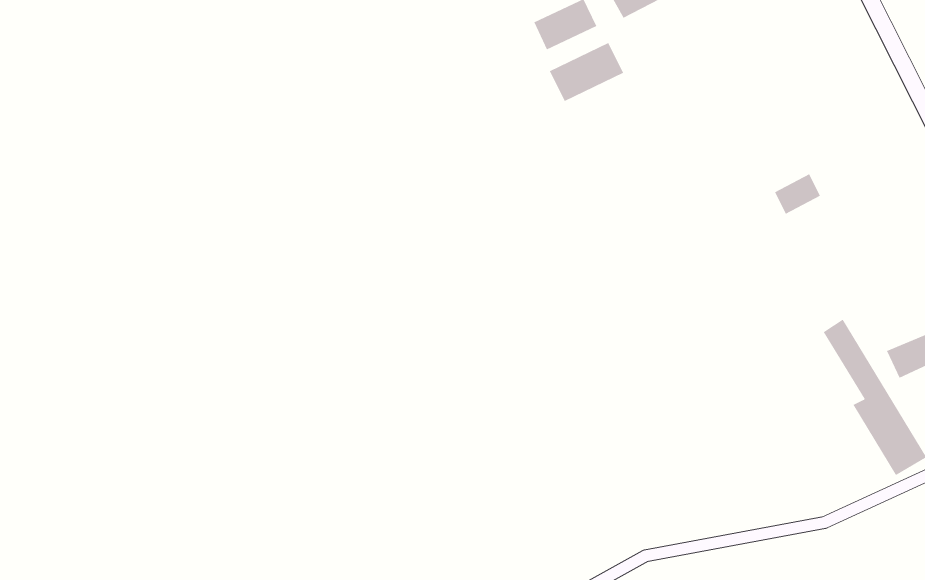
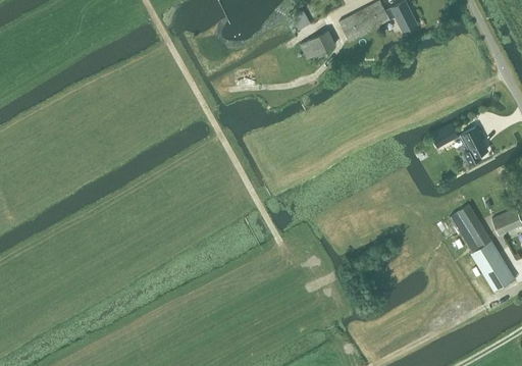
building: [549,42,624,102] -> none
building: none -> [460,126,486,163]

